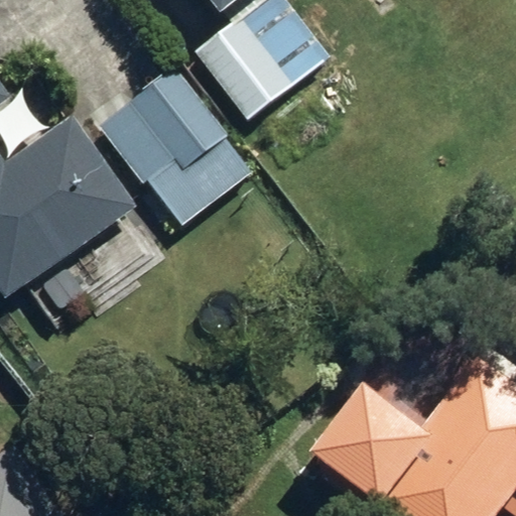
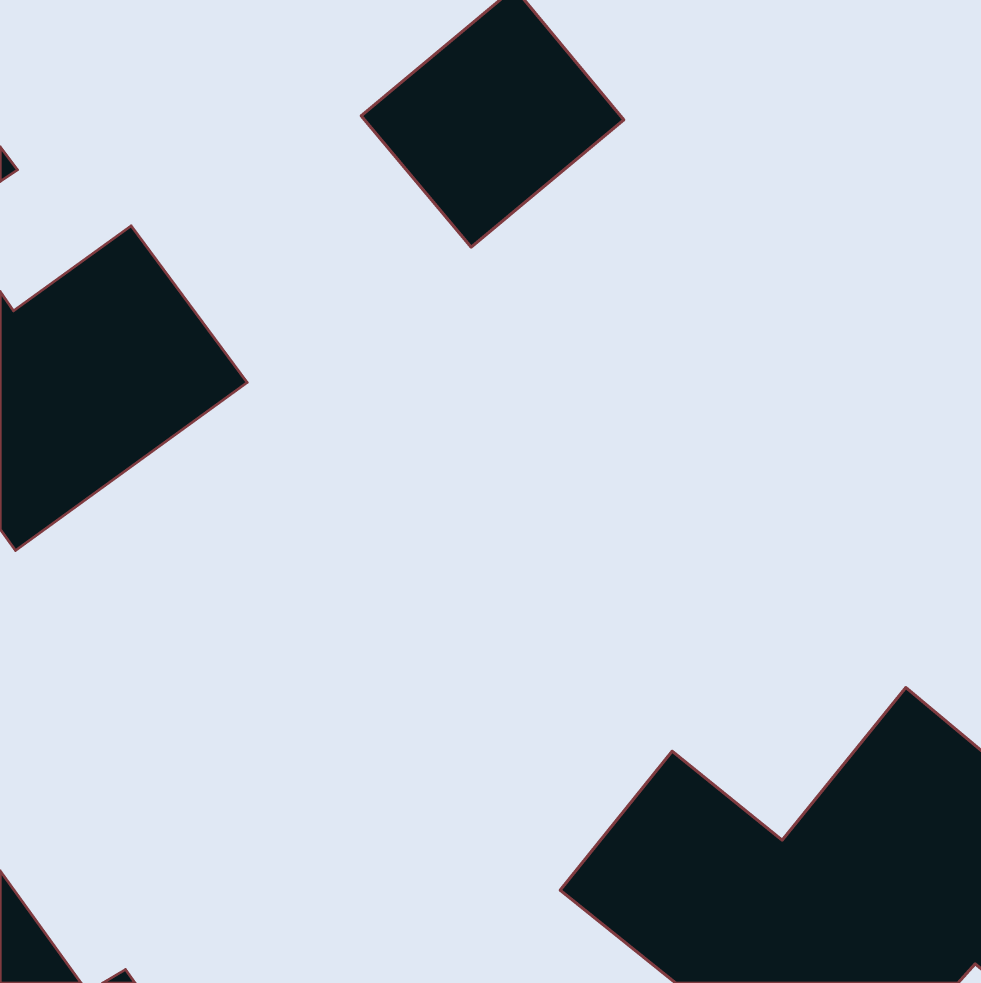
building: [99,63,253,219] -> none

